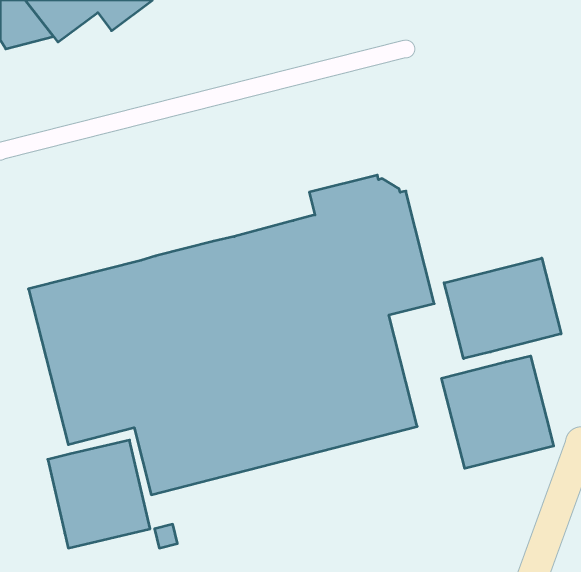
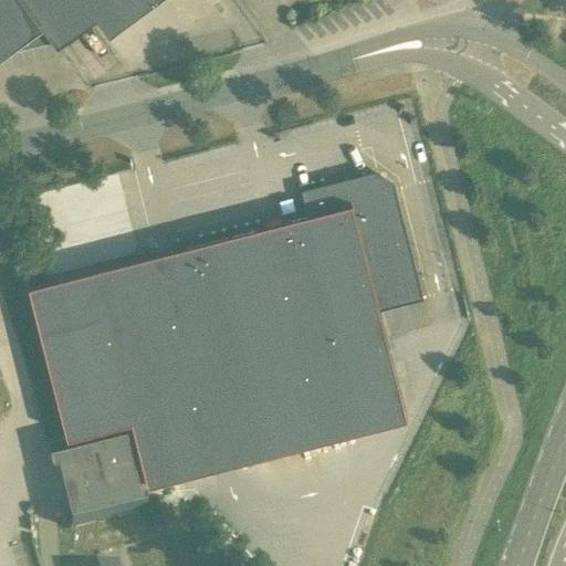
building: [444,258,561,359] -> none
building: [442,356,554,468] -> none

